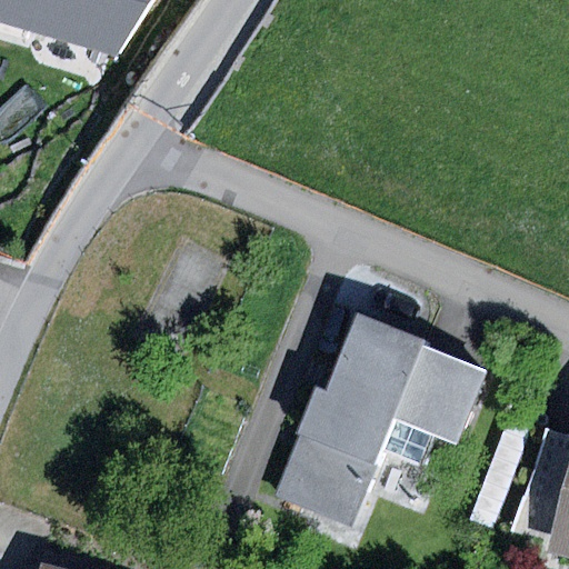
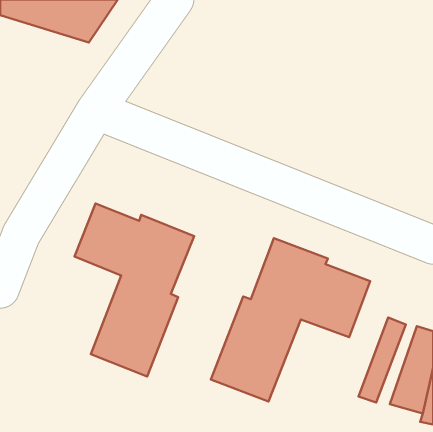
building: none -> [74,203,194,376]

